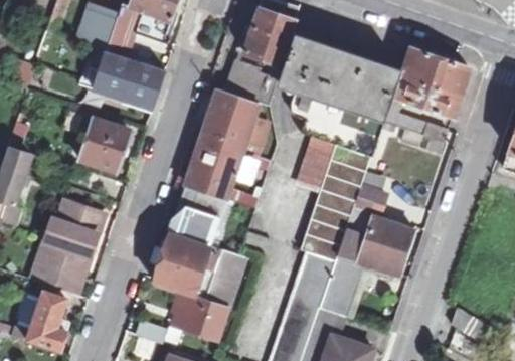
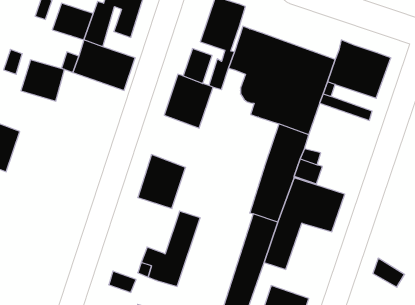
building: [78,119,130,167] -> [21,60,65,101]
building: [186,137,242,198] -> none
building: [297,139,336,194] -> none
building: [44,200,103,291] -> none
building: [153,235,219,300] -> none
building: [15,290,71,348] -> none

